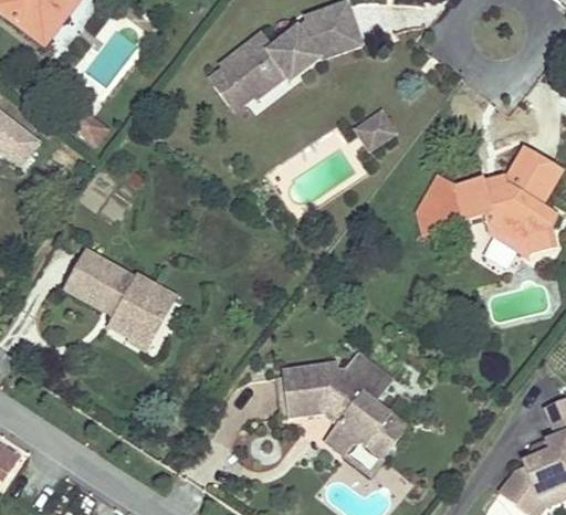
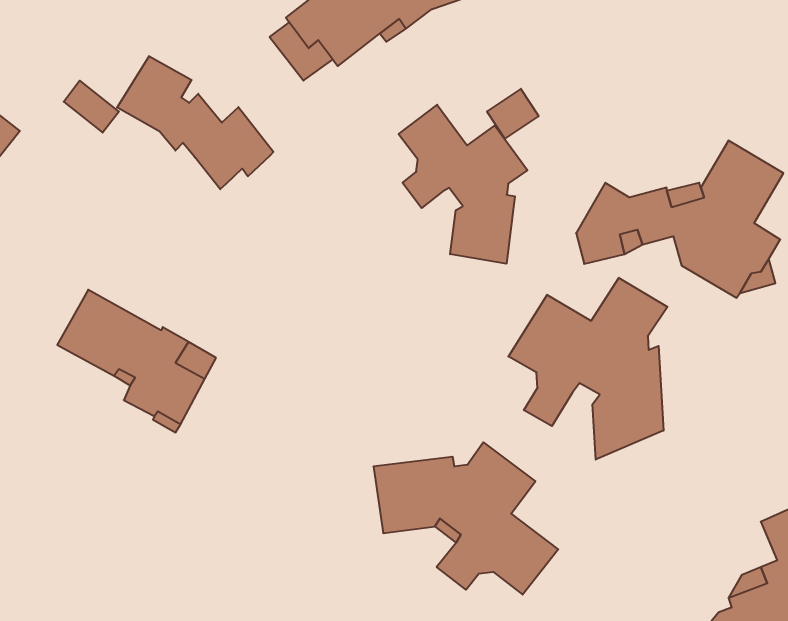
building: none -> [117,56,273,189]
building: none -> [399,105,527,264]
building: none -> [508,278,667,460]

